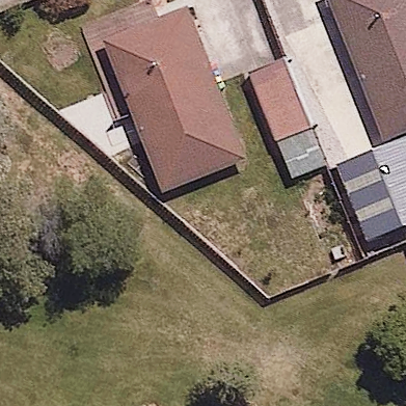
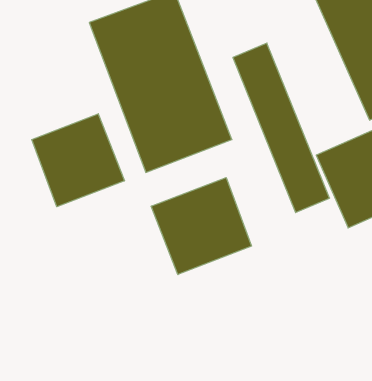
building: none -> [32,114,124,207]
building: none -> [151,178,251,275]

